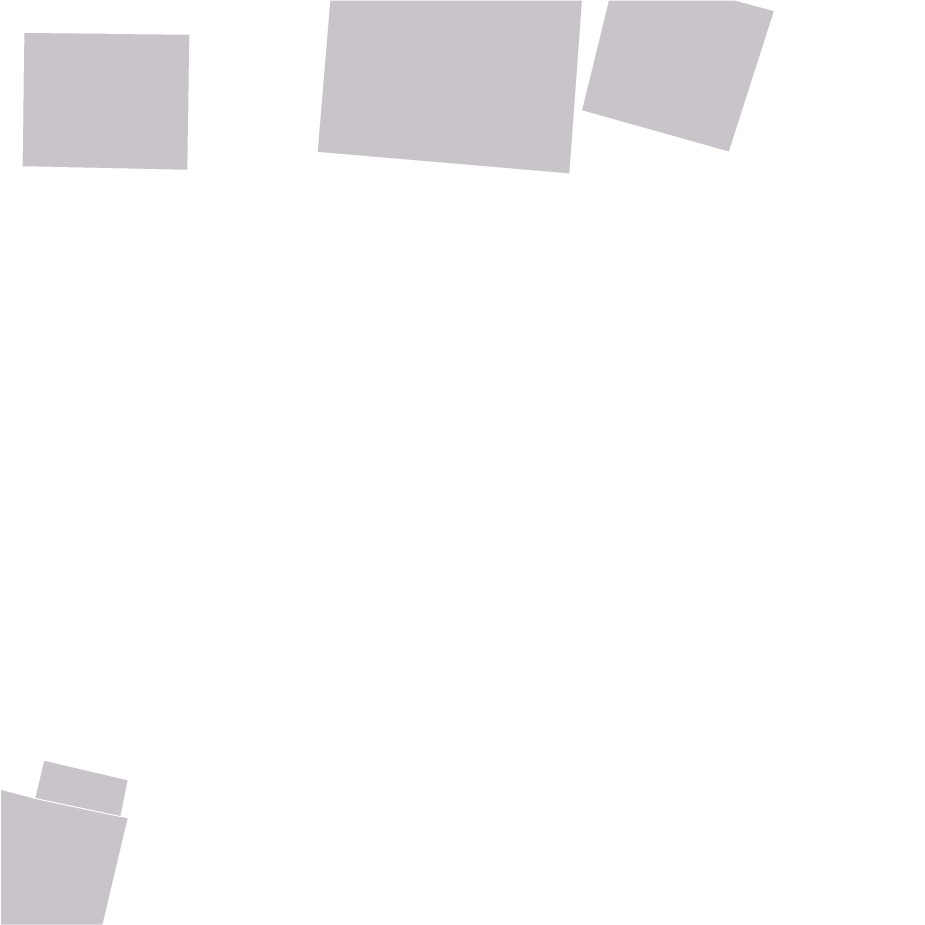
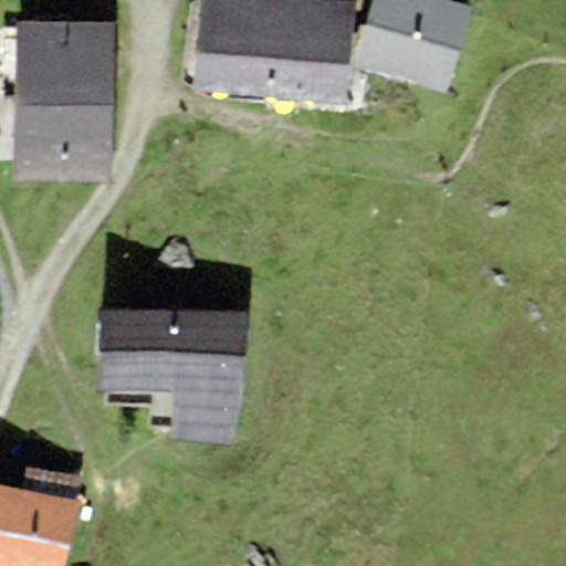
building: none -> [12,102,115,181]
building: none -> [97,307,247,446]

